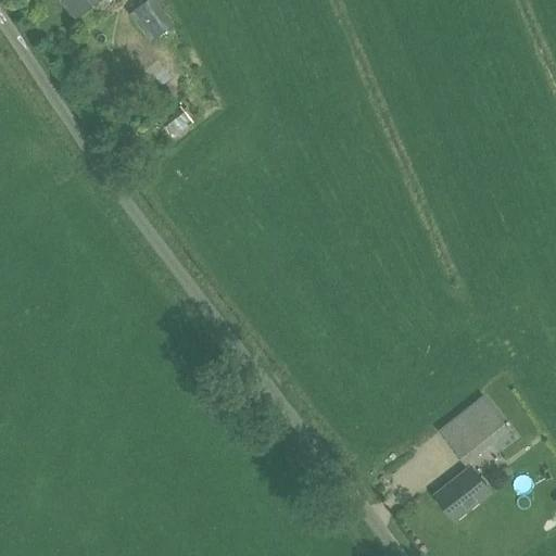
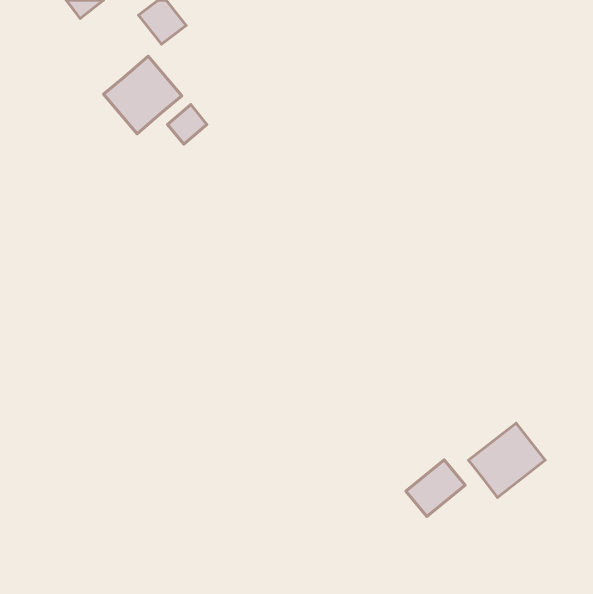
building: none -> [104,56,182,134]
building: [435,466,491,519] -> [406,460,465,517]

